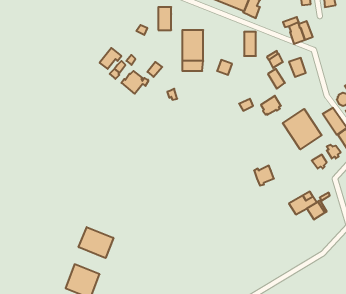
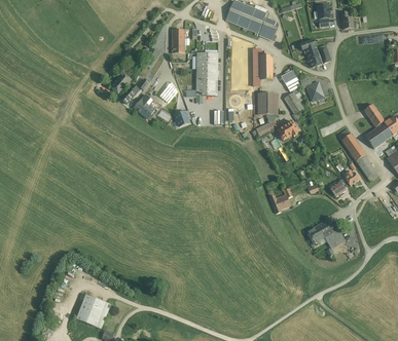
building: none -> [257,92,277,114]
building: [283,109,322,149] -> none
building: [79,227,113,258] -> none

